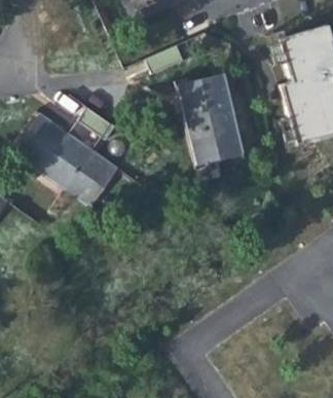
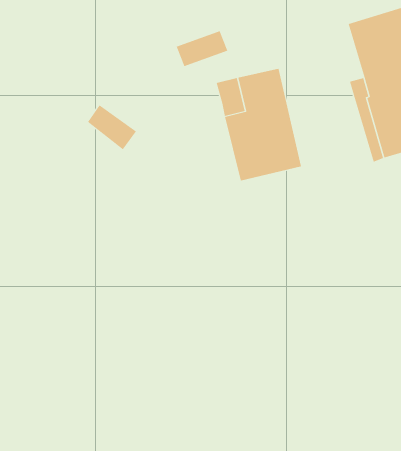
building: [18,114,118,205] -> none

